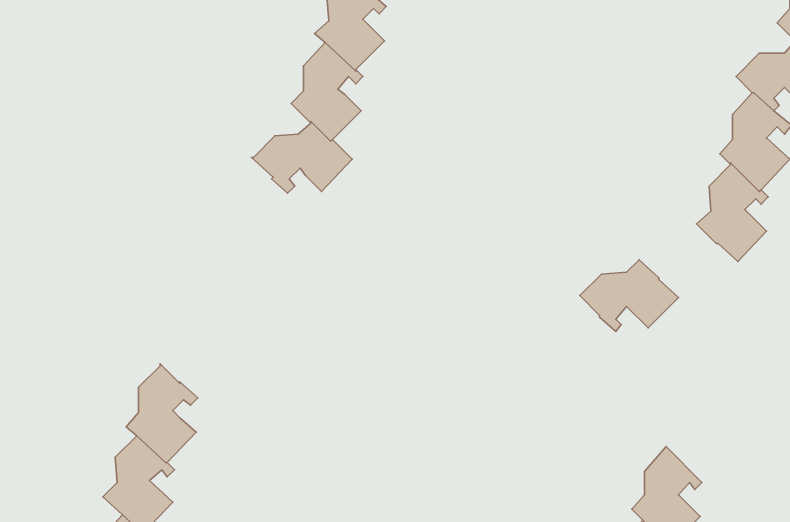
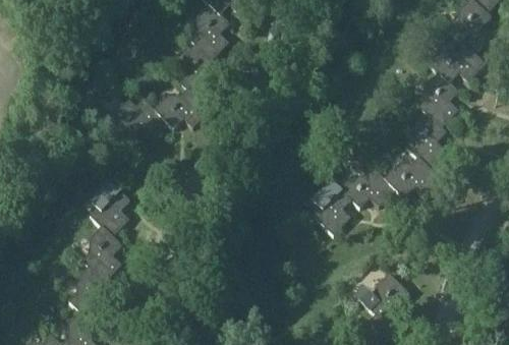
building: none -> [109,97,168,145]
building: none -> [385,156,441,195]
building: none -> [312,176,351,233]
building: none -> [91,179,130,235]

